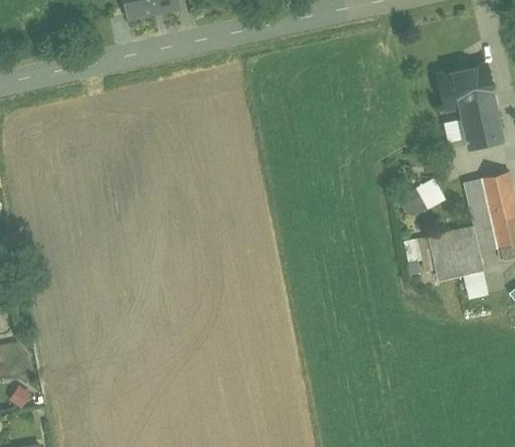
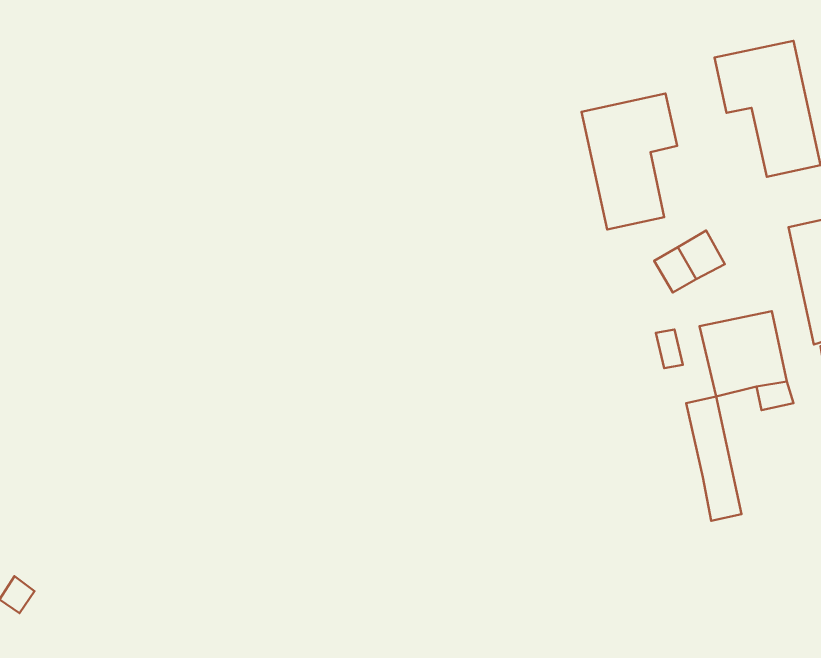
building: none -> [582,94,677,230]
building: [465,177,498,252] -> [686,397,742,521]

